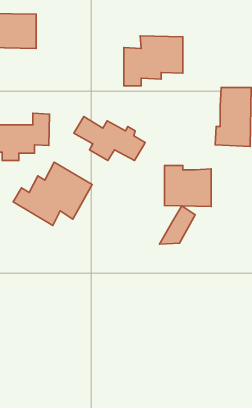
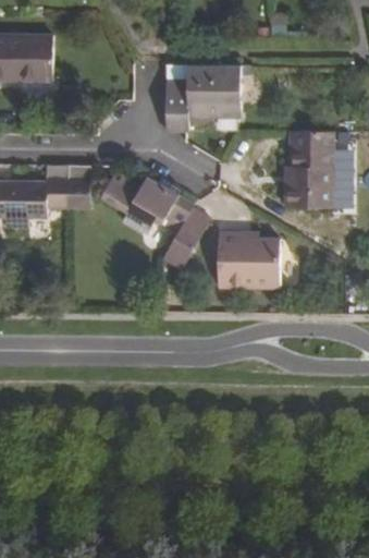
building: none -> [69,166,94,208]
building: [13,162,92,225] -> none
building: [159,206,195,244] -> [163,208,210,258]

